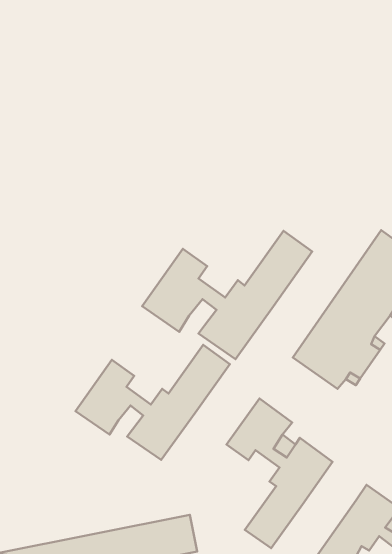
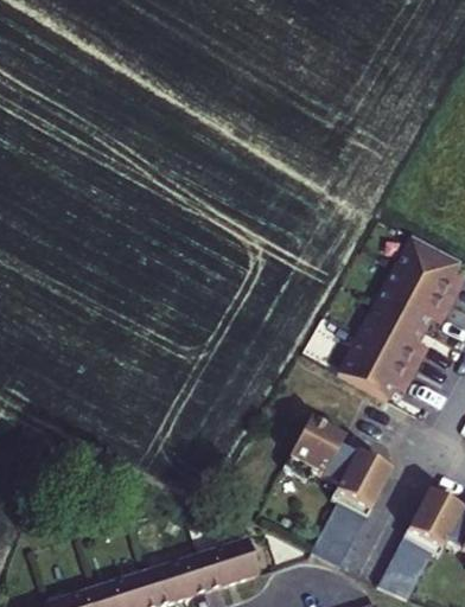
building: [142,231,312,359] -> none
building: [76,345,230,460] -> none

